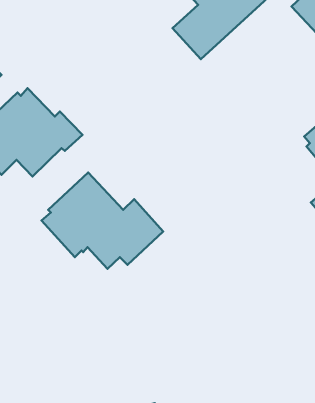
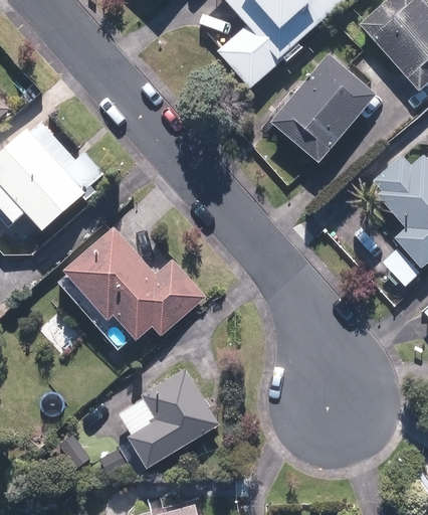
building: none -> [269,52,376,163]
building: none -> [117,365,219,475]

